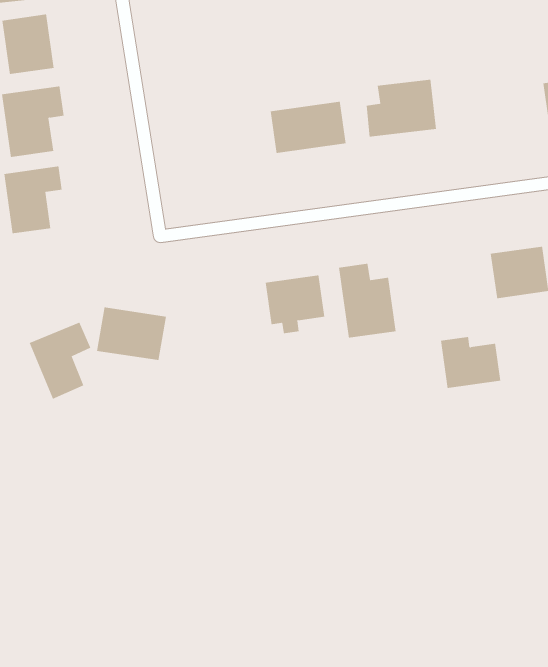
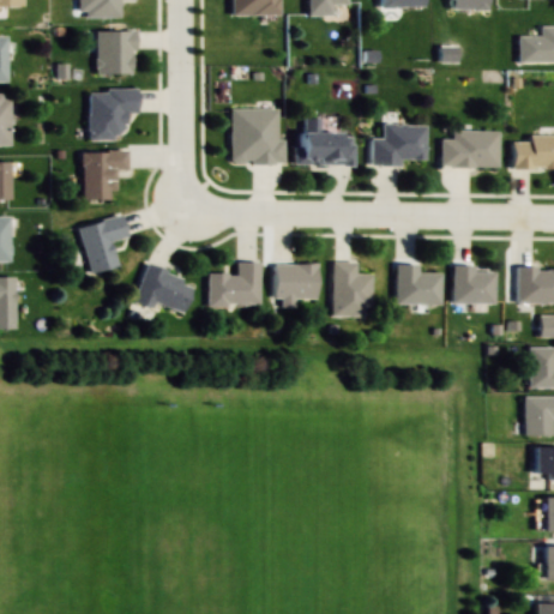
building: none -> [442,131,499,167]
building: none -> [231,108,282,164]
building: none -> [209,263,260,307]
building: [29,322,91,399] -> [80,216,128,273]
building: [440,336,501,389] -> [397,265,440,303]

